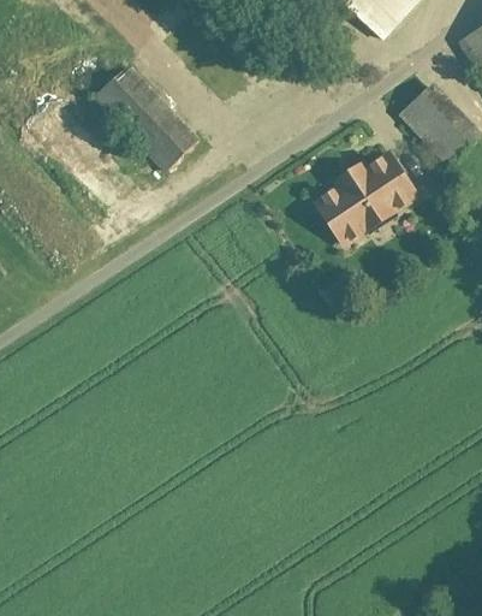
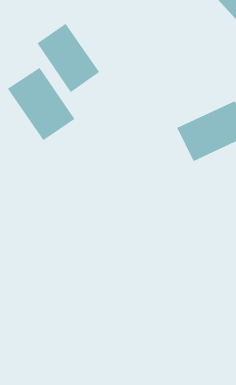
building: none -> [7,67,75,141]

